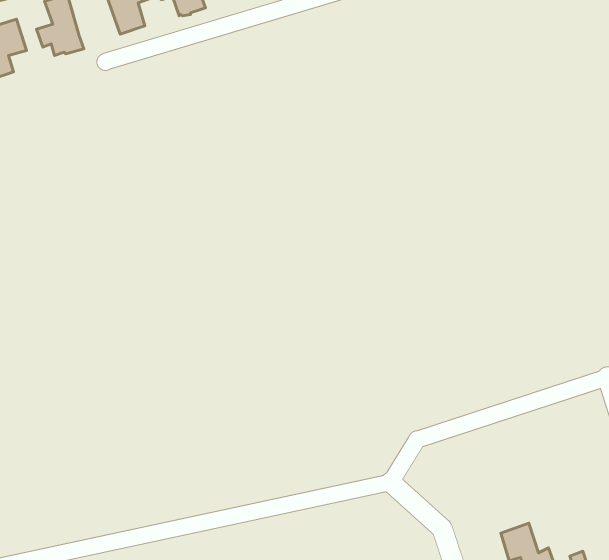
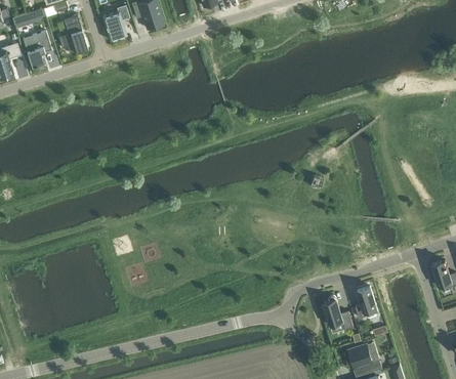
building: none -> [355,287,377,319]
building: none -> [323,296,353,330]

